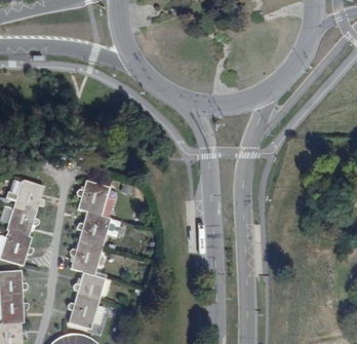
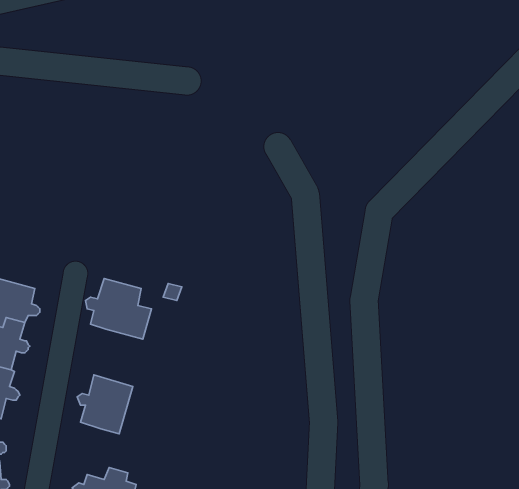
building: [77,212,110,246] -> none
building: [72,272,111,303] -> none

